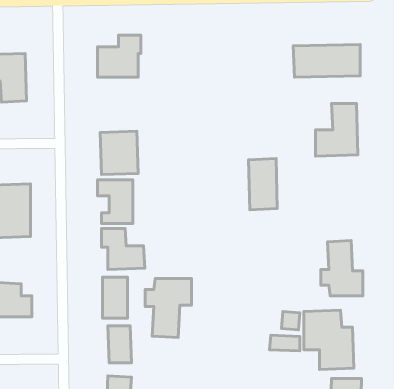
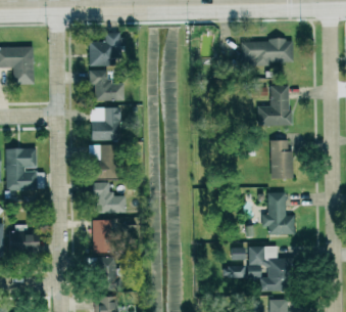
building: none -> [89,70,123,100]
building: [248,158,277,210] -> [270,139,293,179]
building: [145,278,191,337] -> none

